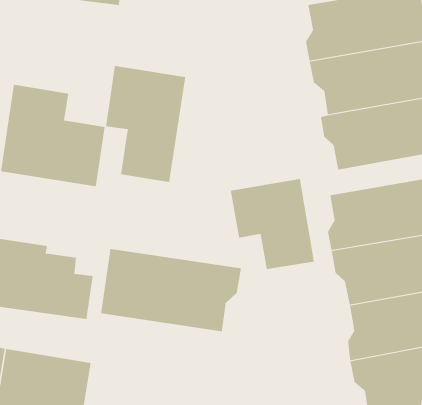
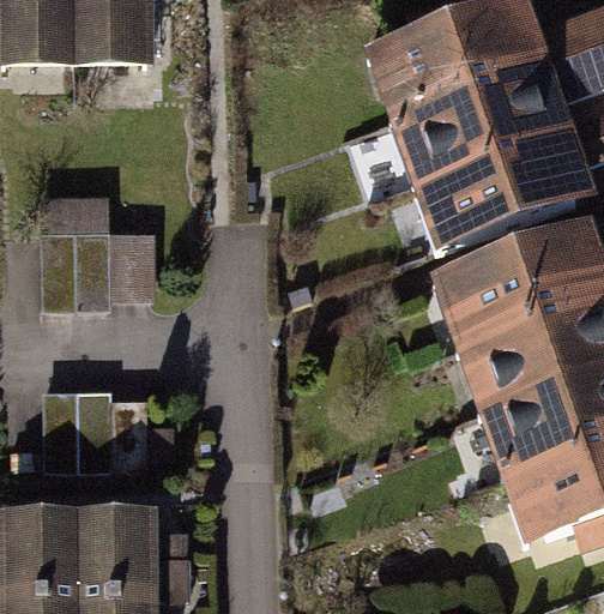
building: [105,65,186,183] -> none
building: [230,178,314,270] -> none
building: [101,248,242,332] -> none

